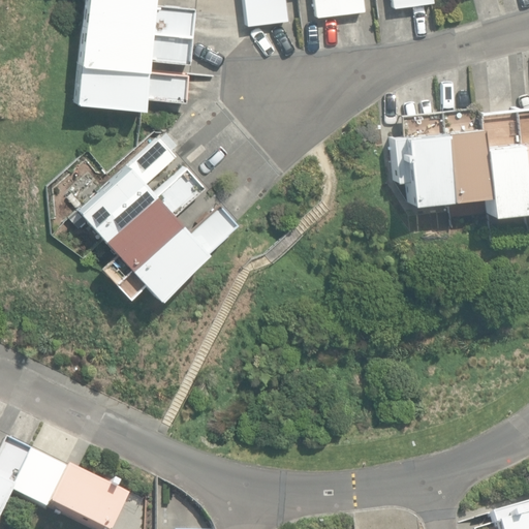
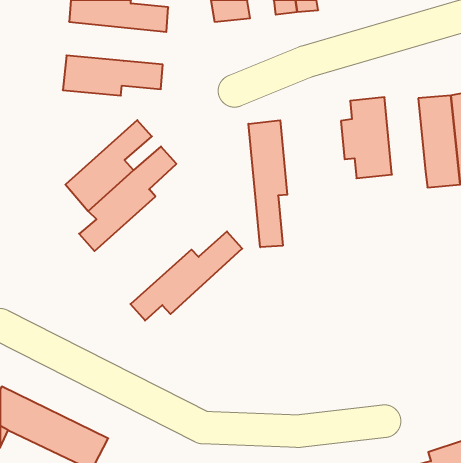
building: [80,27,193,71] -> none
building: [441,110,488,200] -> none
building: none -> [248,120,287,247]
building: [112,205,239,306] -> [130,231,242,321]

